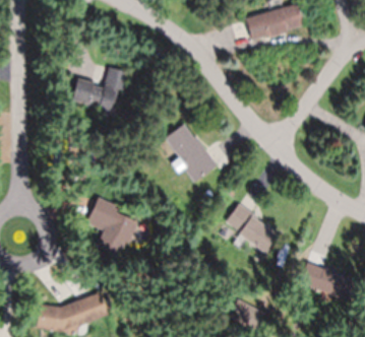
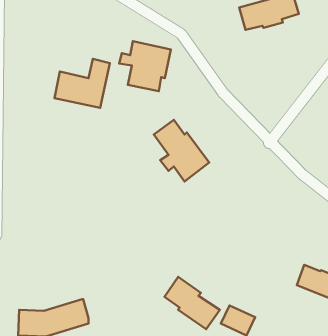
building: none -> [119,41,171,91]
building: [86,198,135,259] -> none
building: [227,203,280,253] -> [164,277,220,329]

